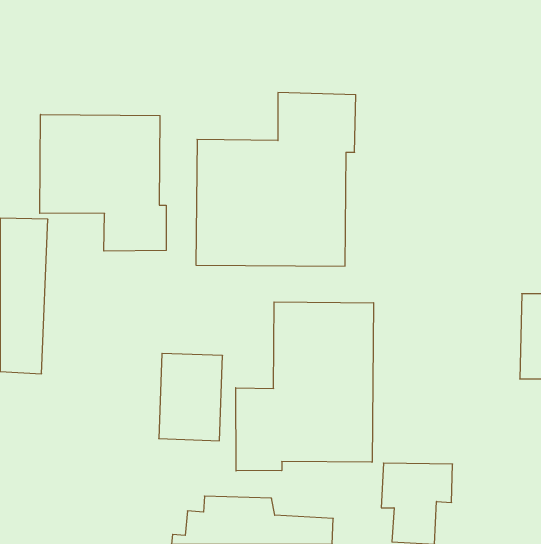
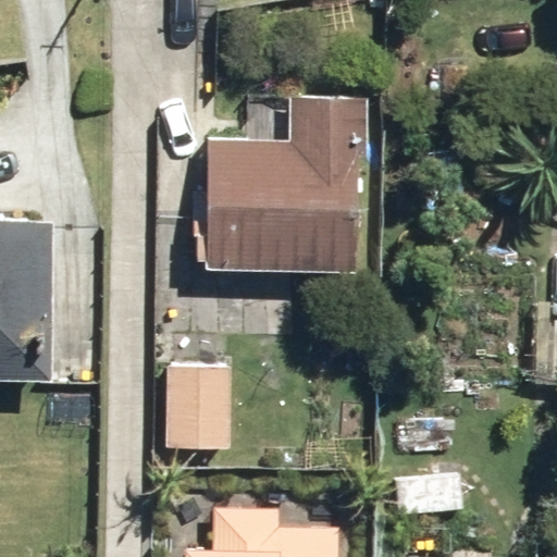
building: [40,114,166,251] -> none
building: [236,302,374,471] -> none

